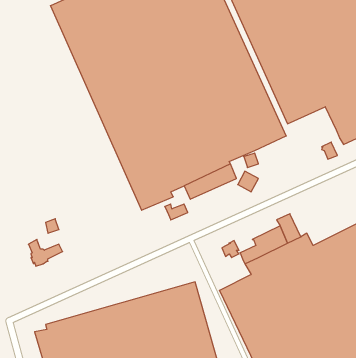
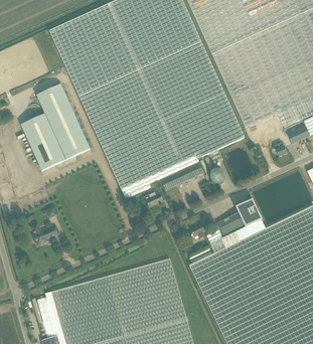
building: none -> [21,83,91,170]

